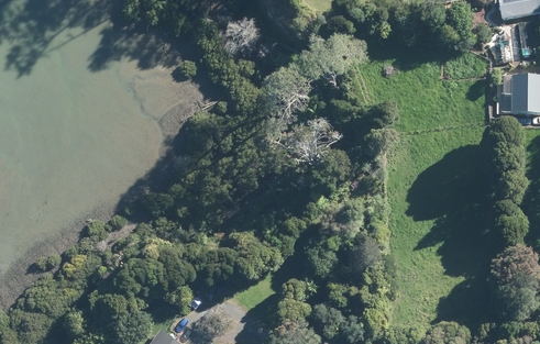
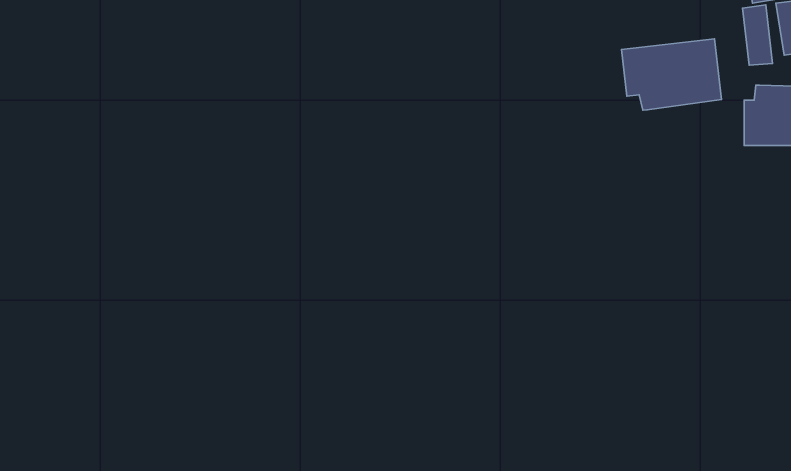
building: none -> [621,39,721,110]

